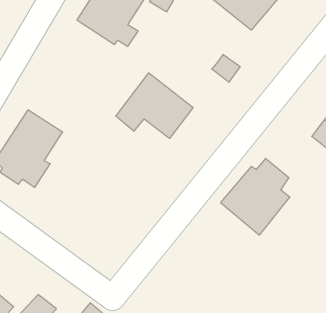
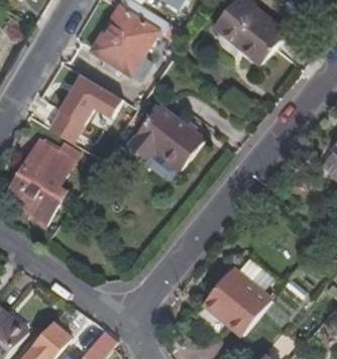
building: none -> [47,70,125,142]
building: [221,158,290,235] -> [203,261,271,337]

